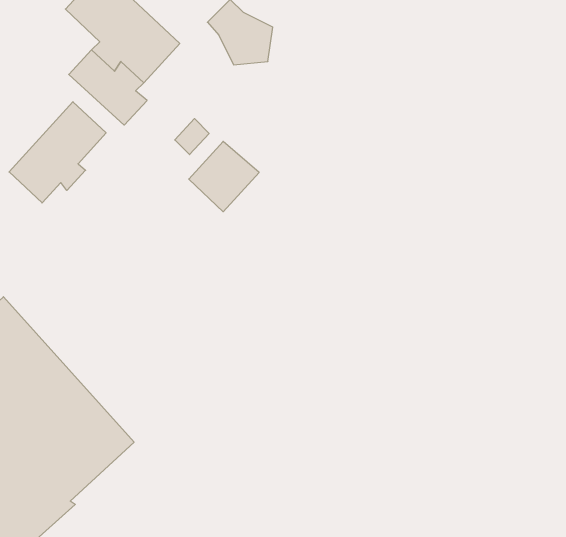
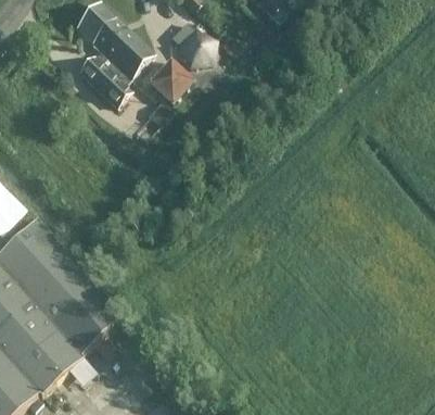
building: [9,102,106,203] -> none
building: [189,141,259,212] -> [148,56,194,103]

